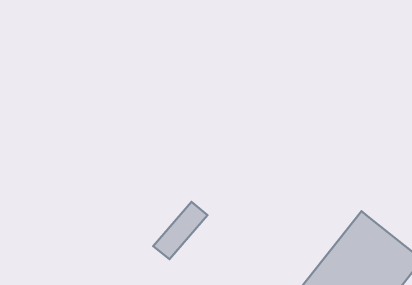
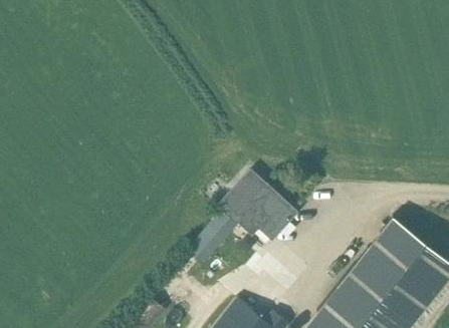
building: none -> [233,181,295,240]

